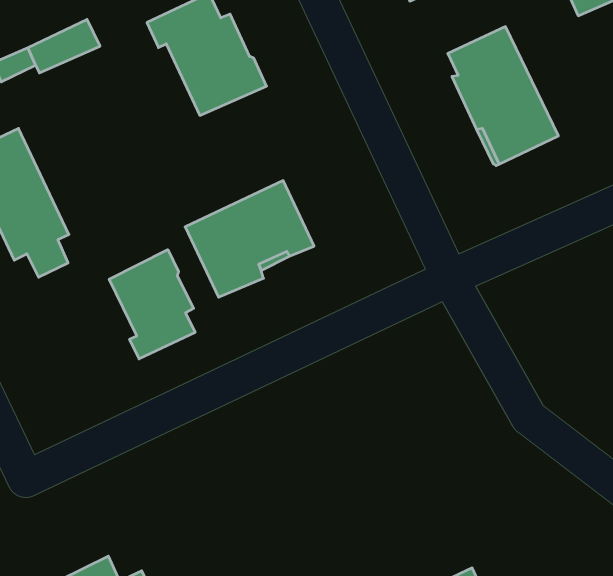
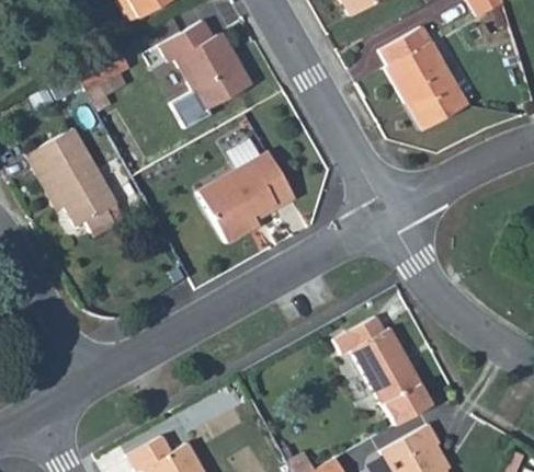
building: [109,250,195,359] -> none
building: none -> [337,318,434,424]

